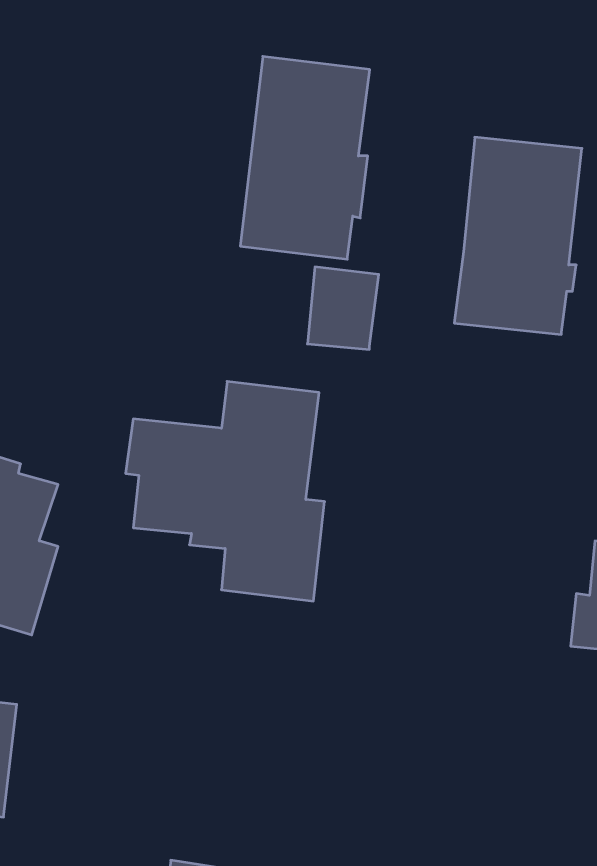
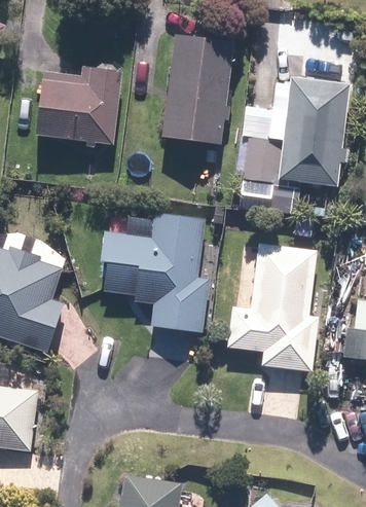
building: none -> [35,65,121,147]
building: [307,267,379,349] -> [245,137,284,182]
building: none -> [225,242,319,370]

